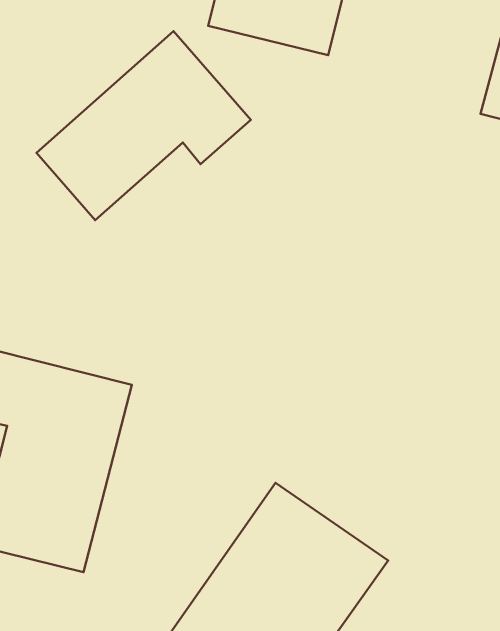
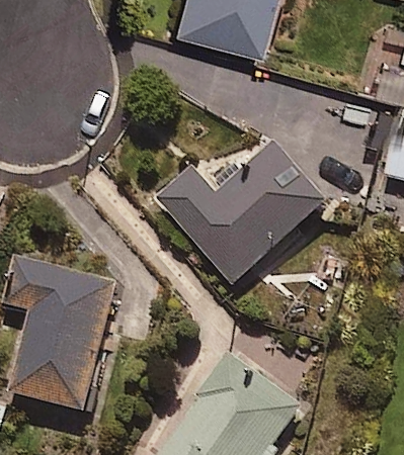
building: [36,31,251,220] -> none
building: none -> [157,147,321,282]

